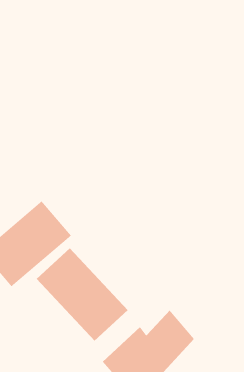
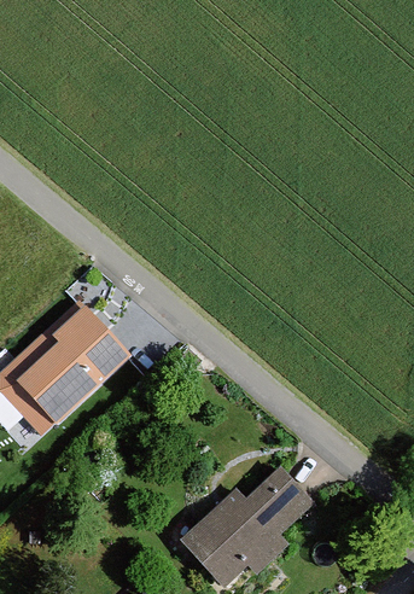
building: [36,247,128,342] -> none

